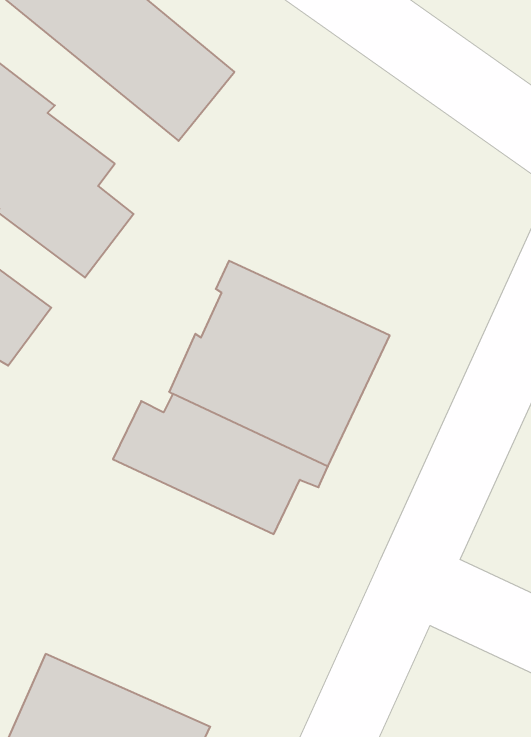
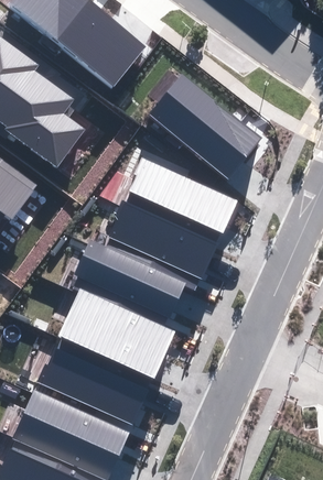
building: none -> [148,73,262,179]
building: none -> [56,291,174,379]
building: none -> [35,349,148,425]

